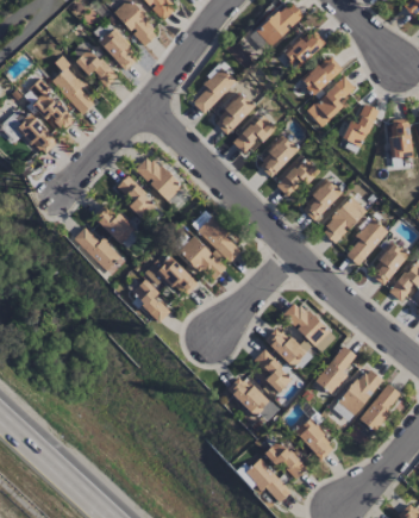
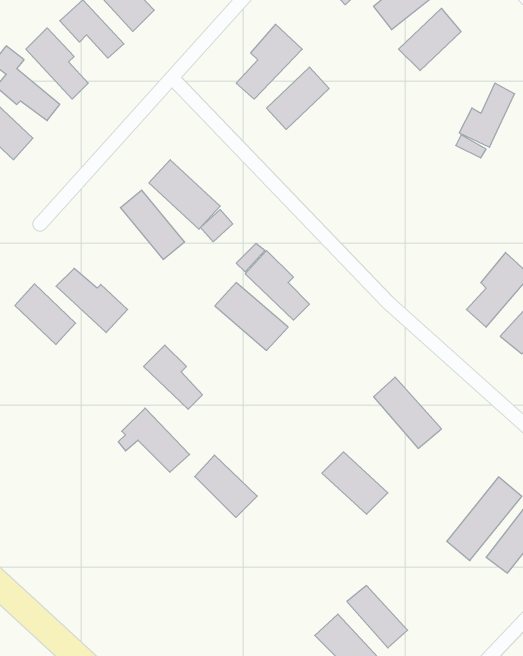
building: [306,77,359,125] -> none
building: [234,114,277,152] -> none
building: [257,136,299,177] -> none
building: [277,157,318,198] -> none
building: [301,179,343,221] -> none
building: [321,196,367,244] -> none
building: [94,204,135,244] -> [15,284,76,345]
building: [151,254,199,297] -> [118,408,190,472]
building: [264,326,306,367] -> none
building: [317,345,358,393] -> none
building: [227,375,269,417] -> [195,455,257,517]
building: [295,418,336,461] -> none

